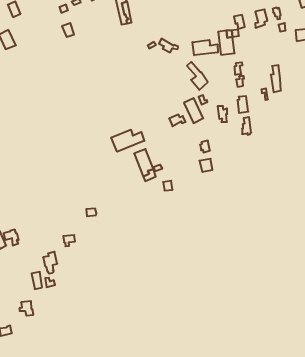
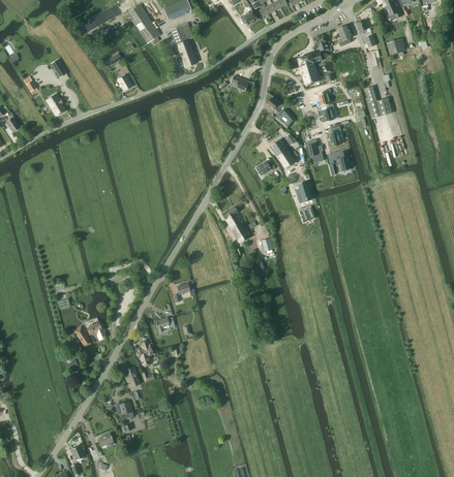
building: [192,40,218,55] -> none
building: [111,130,144,152] -> none

